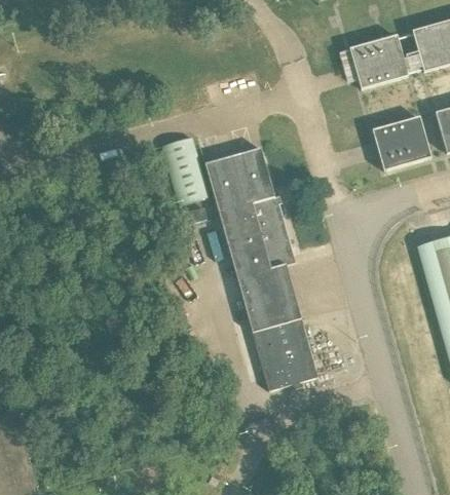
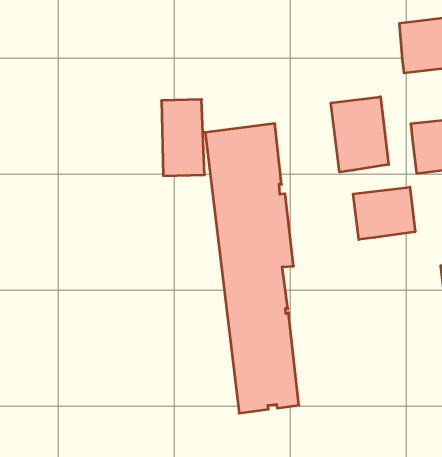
building: none -> [331,97,389,172]
building: none -> [353,187,415,240]

